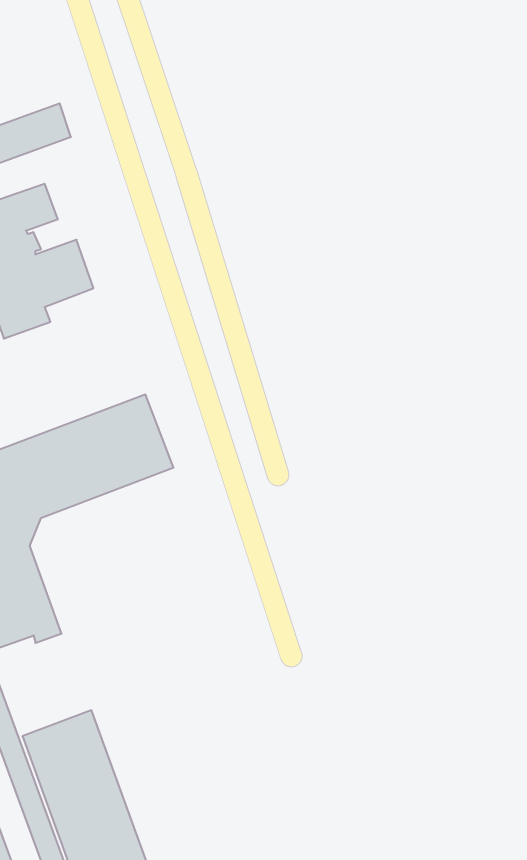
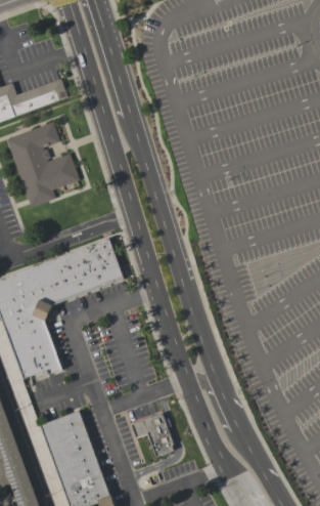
building: none -> [131,414,174,457]

